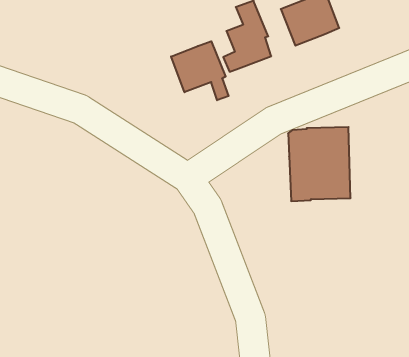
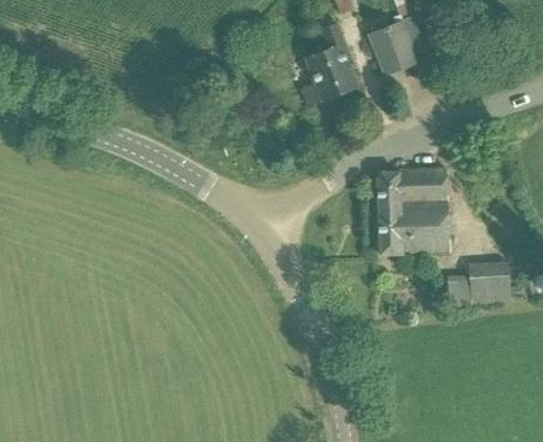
building: [171,41,229,100] -> none
building: none -> [448,262,509,306]

